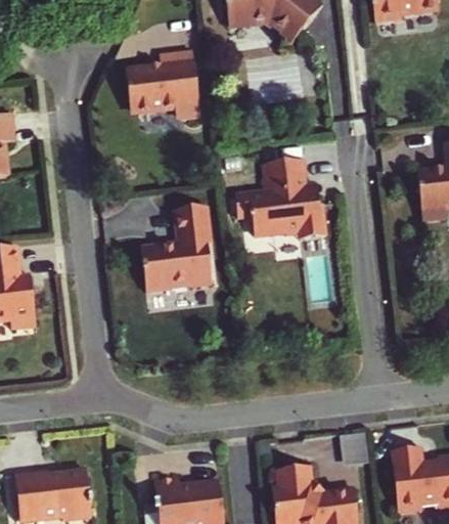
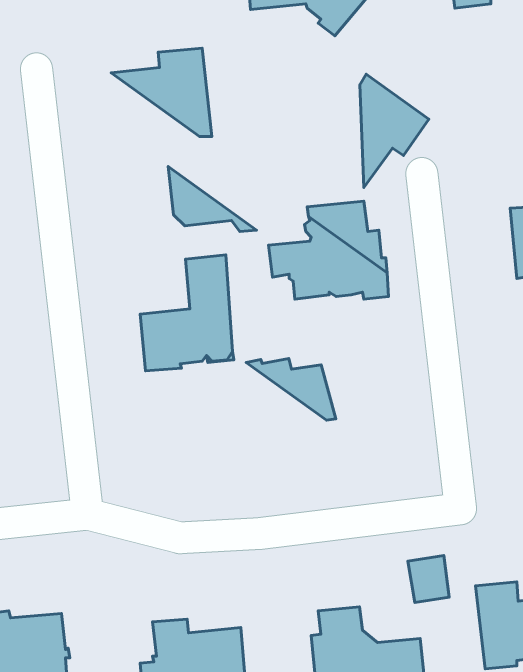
building: [122,70,187,118] -> [168,167,256,231]
building: none -> [360,74,429,188]
building: none -> [246,358,336,420]

